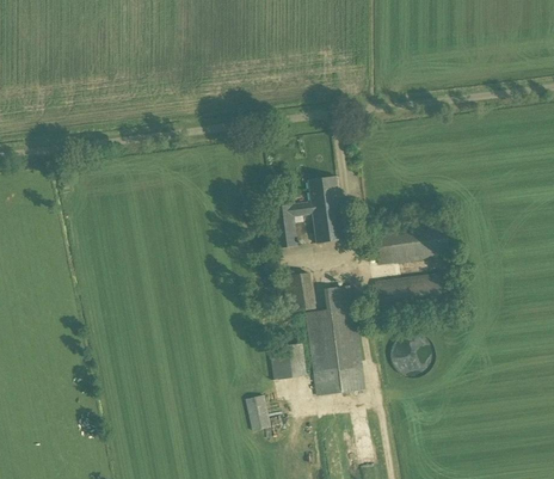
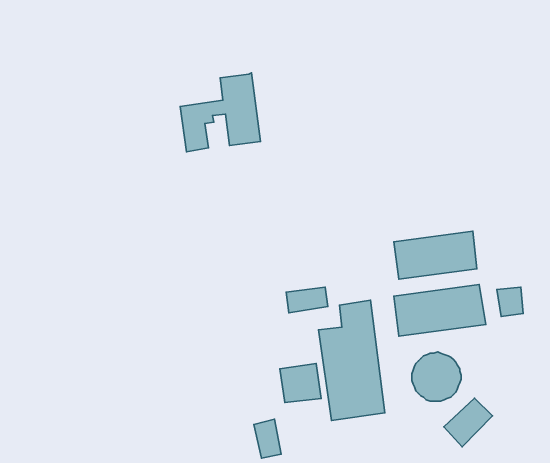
building: [272,176,346,248] -> [180,73,260,152]
building: none -> [497,287,523,316]
building: none -> [444,398,492,447]

